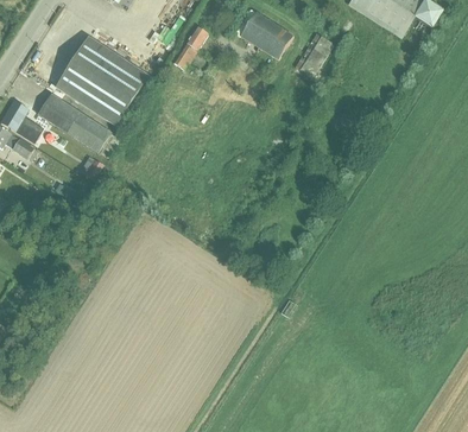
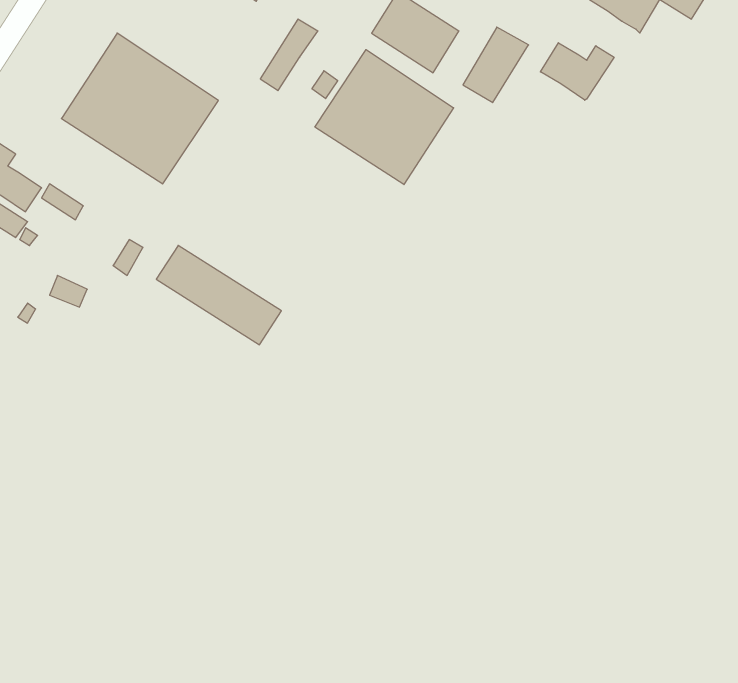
building: none -> [540,43,614,100]
building: none -> [315,50,454,185]
building: [37,94,112,153] -> [156,245,281,345]

